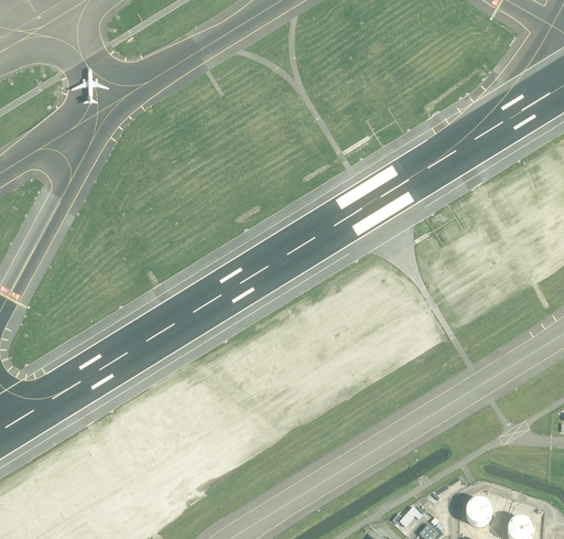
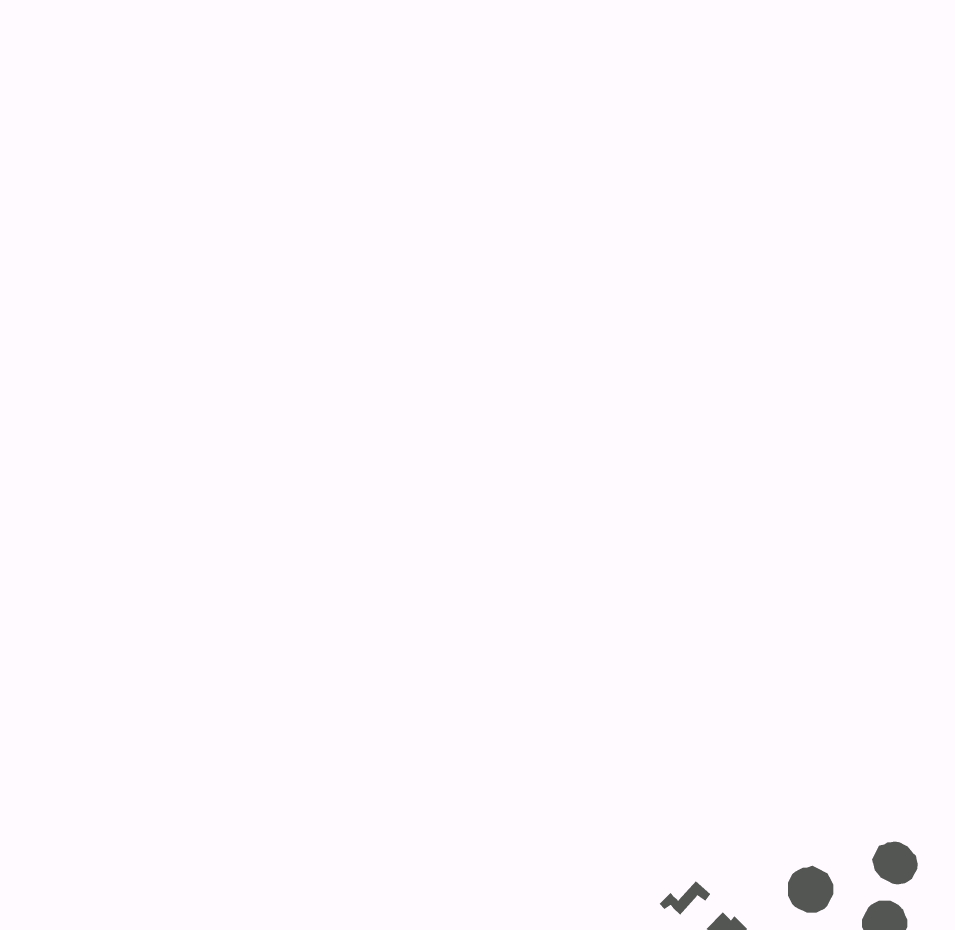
building: none -> [871,841,919,885]

